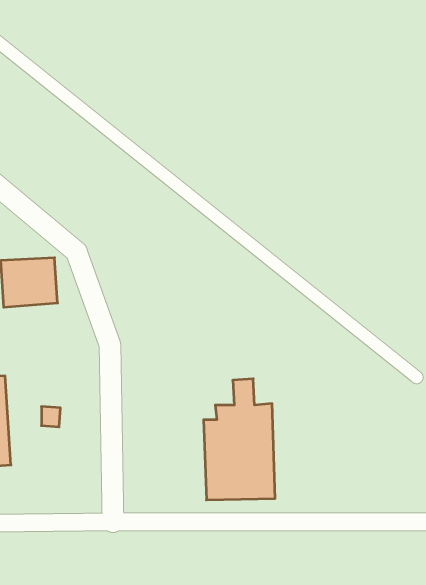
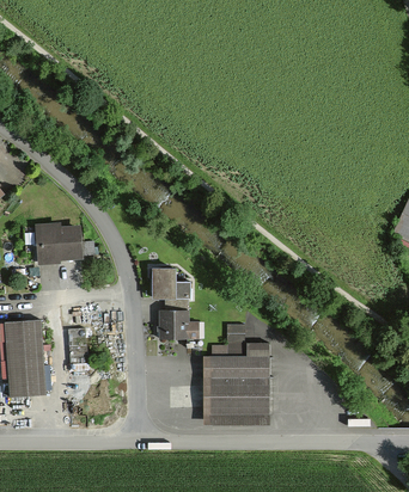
building: none -> [153,266,191,299]
building: none -> [160,310,199,348]

